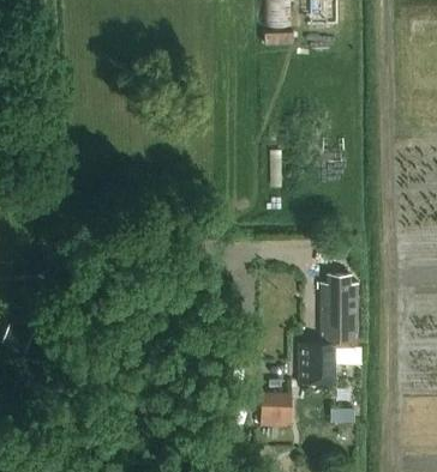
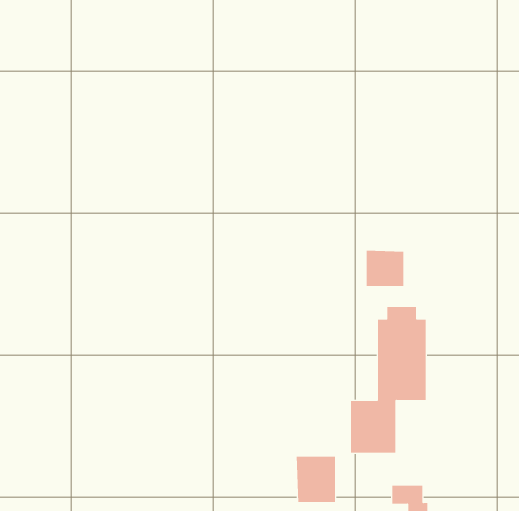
building: none -> [366,250,404,287]

